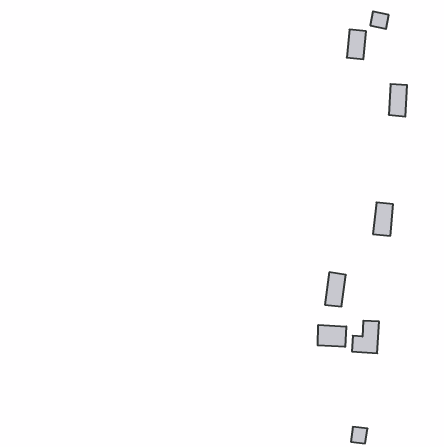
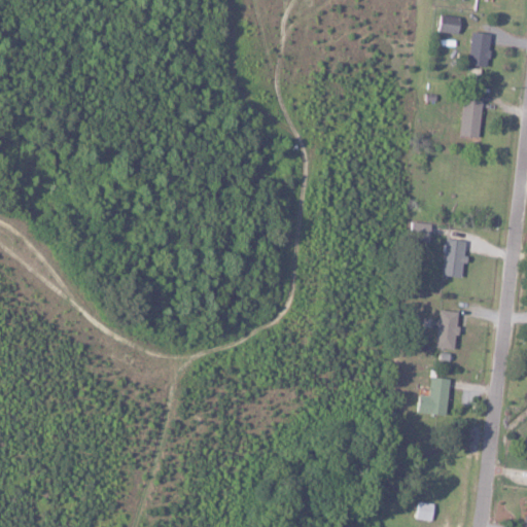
building: [347,30,366,59] -> [469,32,492,67]
building: [325,272,346,306] -> [435,310,460,350]
building: [318,325,346,347] -> none

